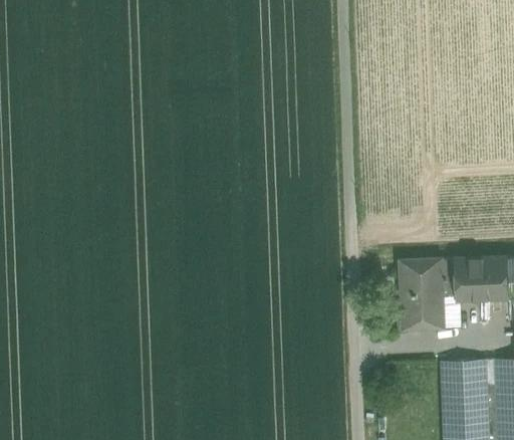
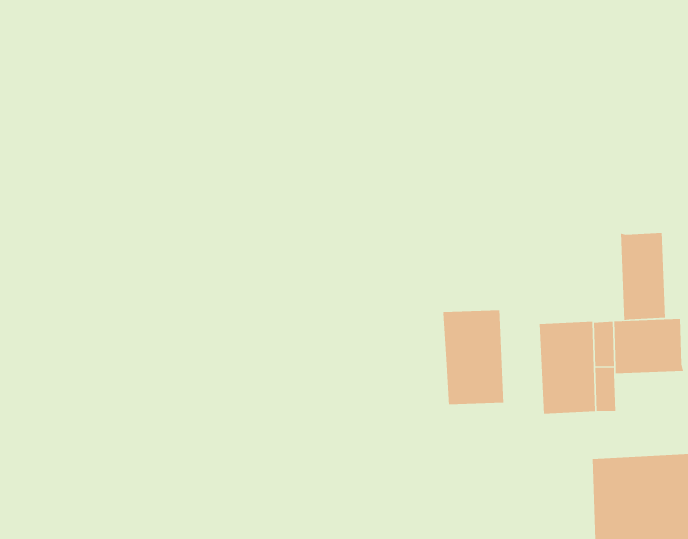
building: none -> [621,232,666,321]
building: none -> [443,309,504,405]

